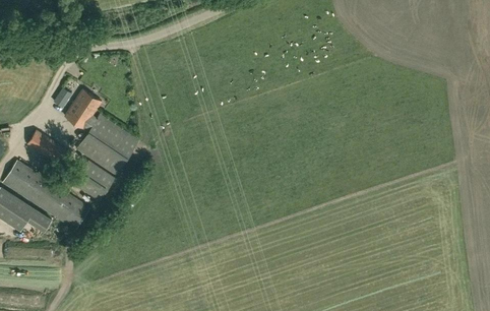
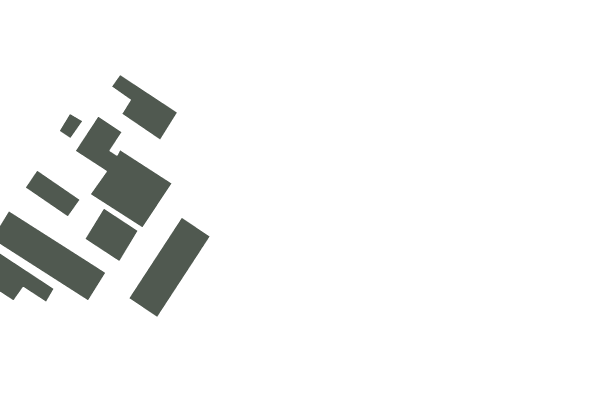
building: none -> [111,74,178,140]
building: none -> [128,217,211,318]

